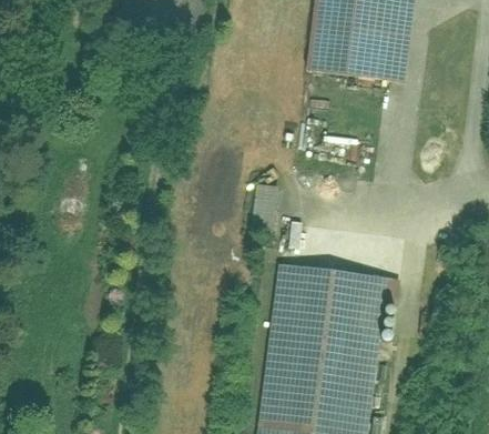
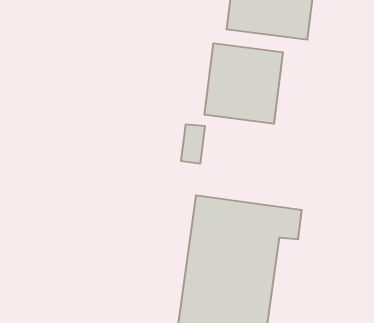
building: none -> [205,43,283,124]

